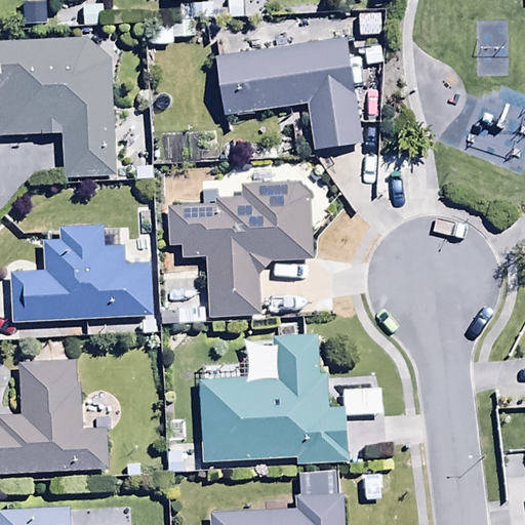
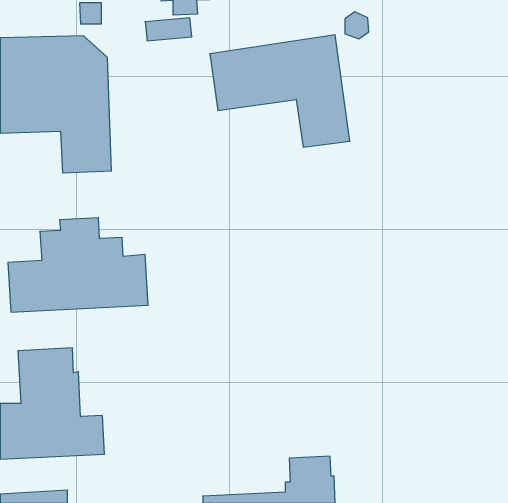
building: [167,181,314,316] -> none
building: [198,334,350,465] -> none

